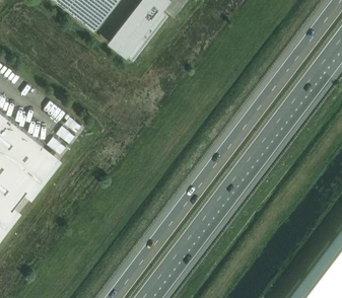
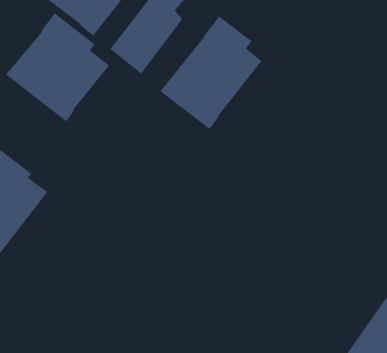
building: none -> [5,13,110,122]
building: none -> [160,15,262,130]

